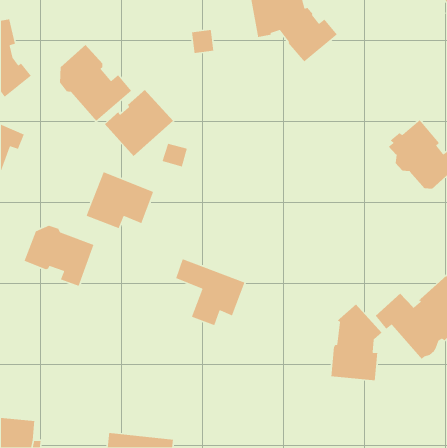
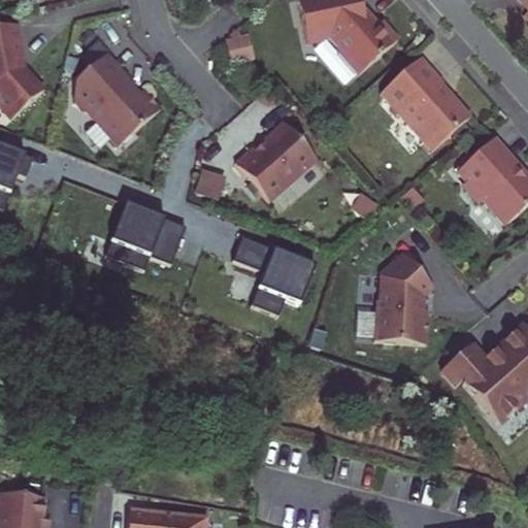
building: none -> [380,59,469,154]
building: [104,89,174,157] -> [235,121,317,200]
building: [23,225,95,287] -> none
building: [175,258,246,326] -> [233,233,316,312]
building: [330,304,382,381] -> [374,252,435,342]

